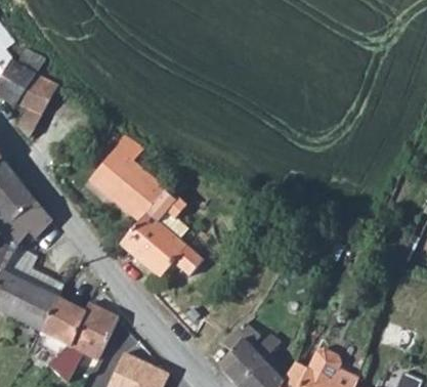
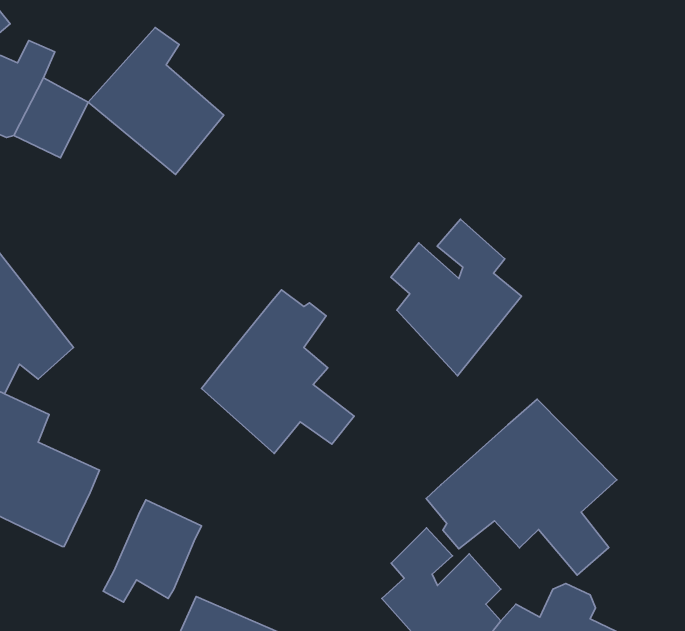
building: [85,147,160,228] -> [88,28,224,175]
building: none -> [391,219,521,376]
building: none -> [426,399,617,575]
building: [38,300,87,352] -> none

